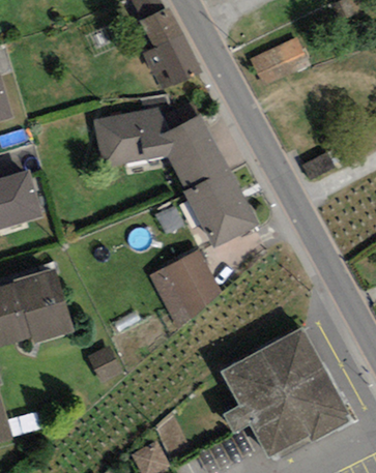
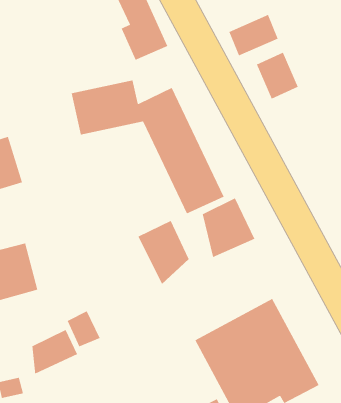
building: none -> [256,52,299,99]
building: none -> [202,197,255,258]
building: none -> [32,329,78,375]

